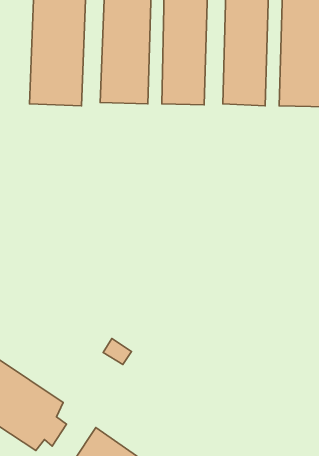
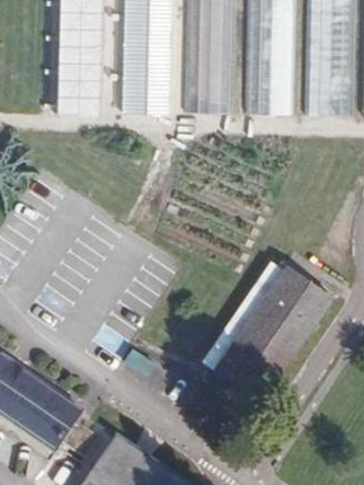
building: none -> [204,255,333,400]

